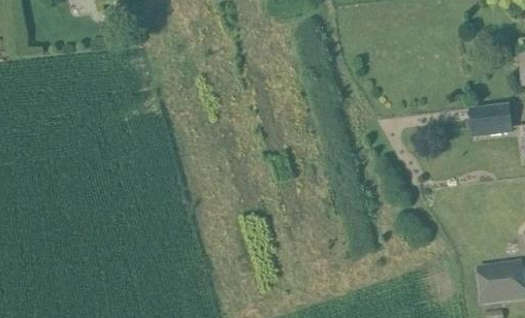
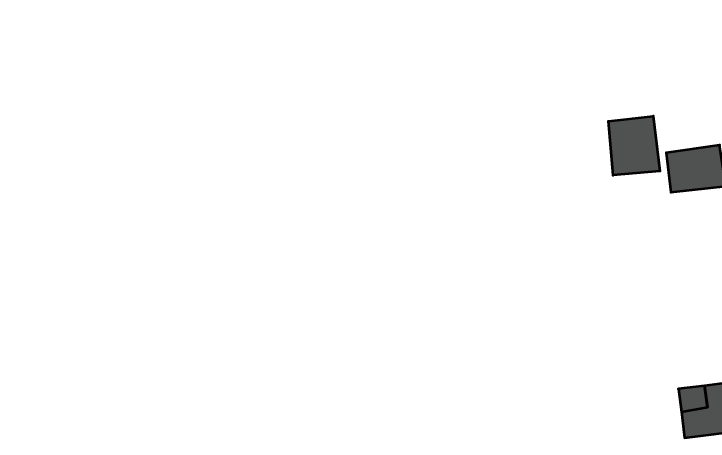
building: none -> [608,116,660,175]

